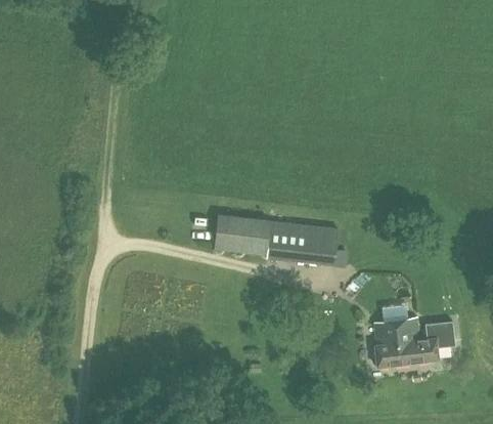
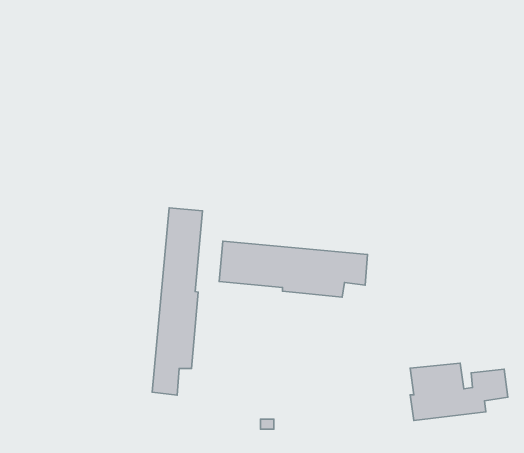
building: none -> [152,208,202,395]

